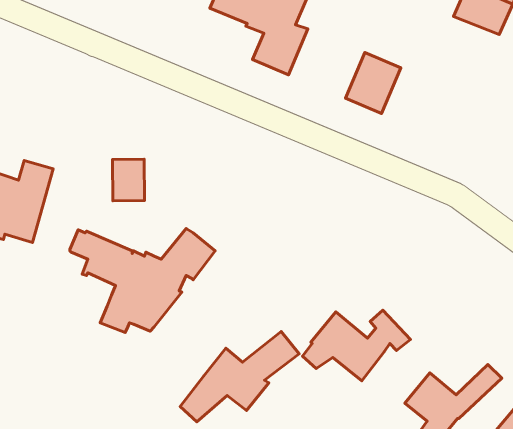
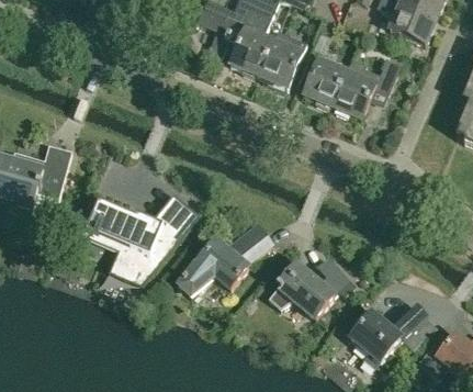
building: none -> [258,27,306,86]
building: none -> [331,56,401,116]
building: [112,159,145,201] -> none
building: [180,332,299,422] -> [178,223,272,294]

